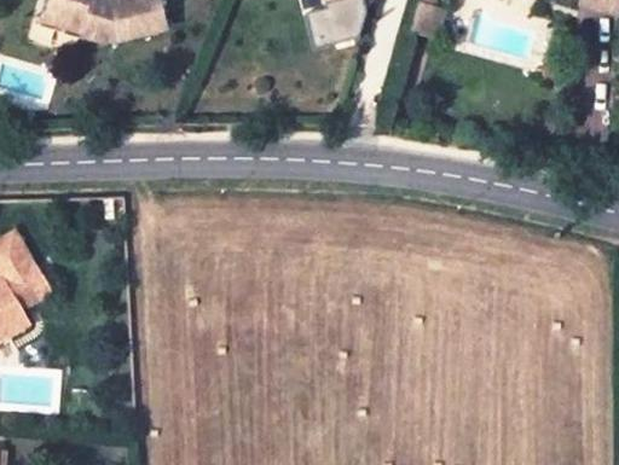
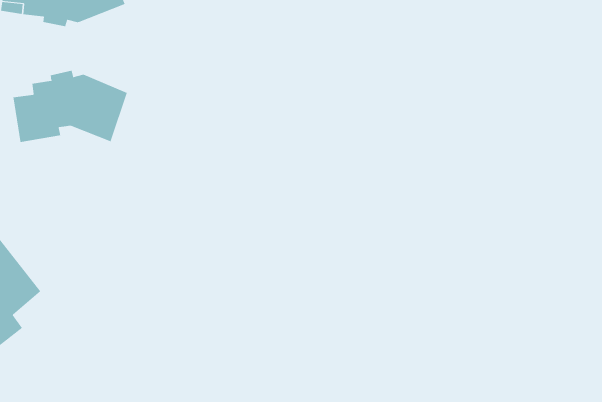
building: none -> [13,70,127,143]

